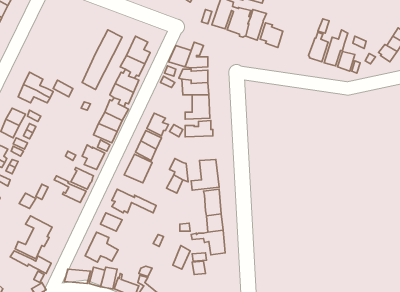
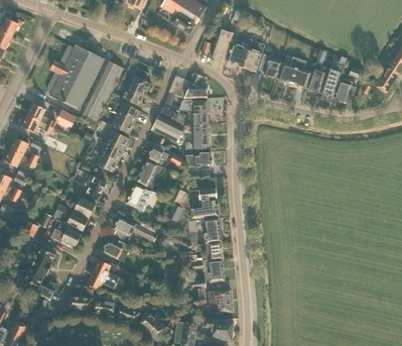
building: none -> [45,44,104,110]
building: none -> [277,57,310,89]
building: none -> [151,116,188,142]
building: none -> [50,222,81,247]
building: none -> [207,291,232,314]

